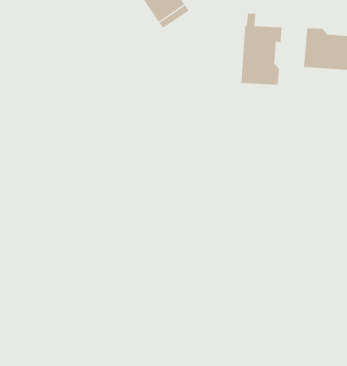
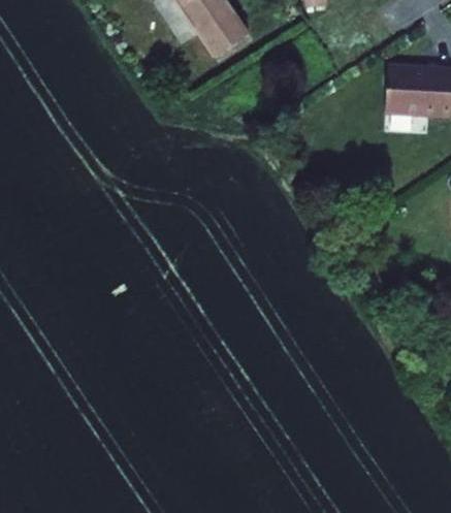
building: [241,13,282,86] -> none

